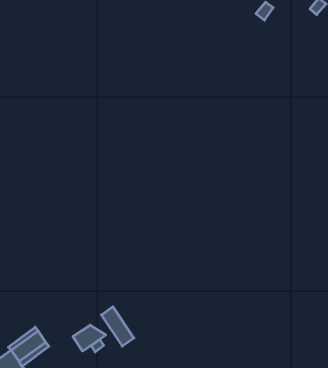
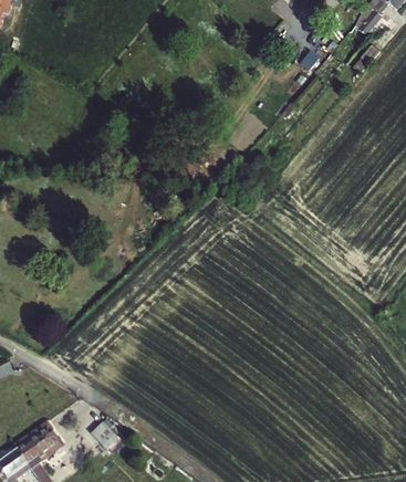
building: [101,307,134,346] -> none

